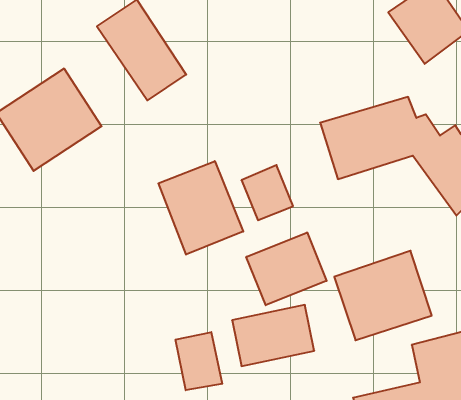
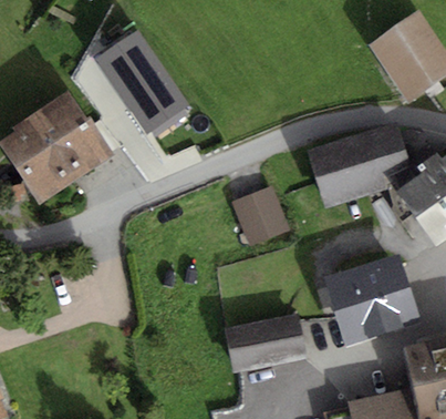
building: [158,161,243,255] -> none
building: [246,232,327,305] -> none
building: [176,332,222,390] -> none

